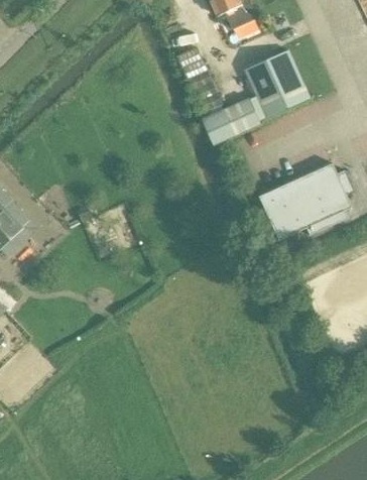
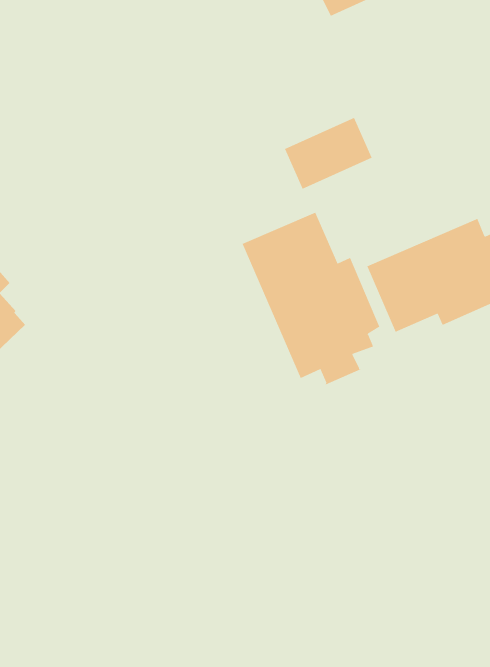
building: [247,49,310,117] -> none
building: none -> [242,212,381,385]

